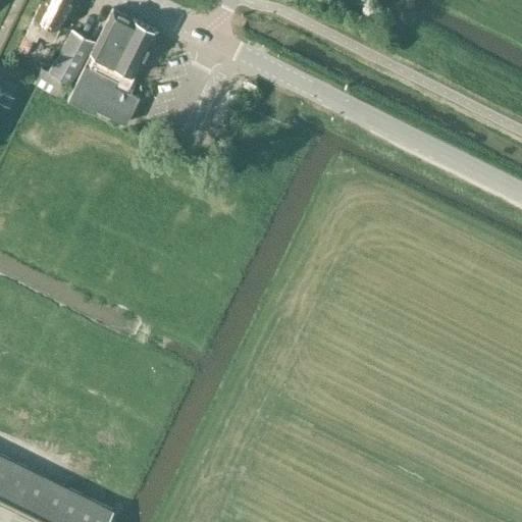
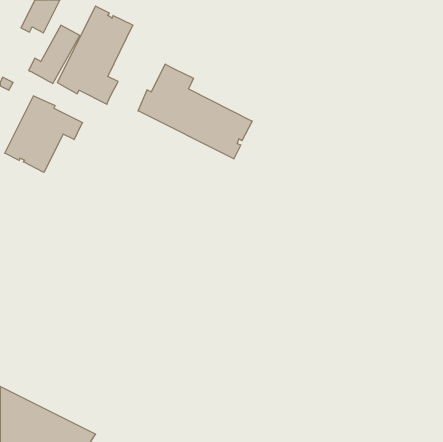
building: none -> [138,64,252,159]
building: none -> [5,96,83,172]

